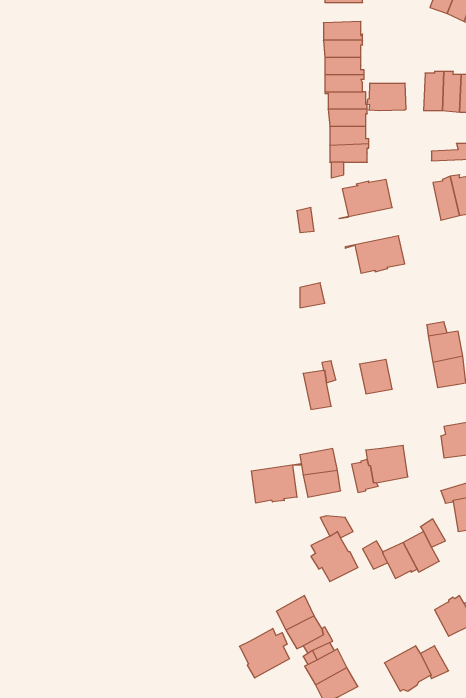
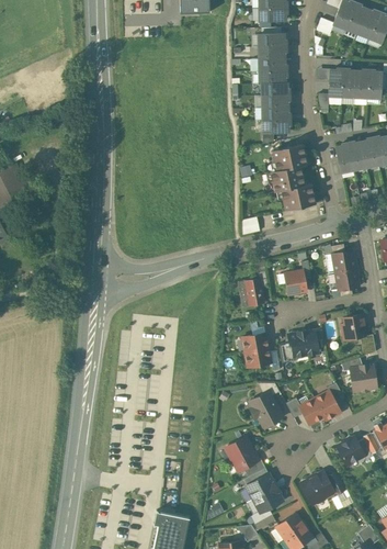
building: [367,83,406,111] -> none
building: none -> [269,165,310,192]
building: [251,463,302,503] -> none
building: [239,628,289,678] -> none

